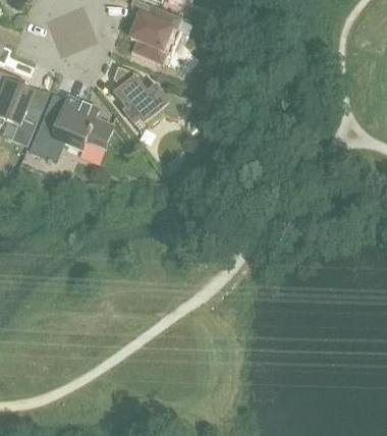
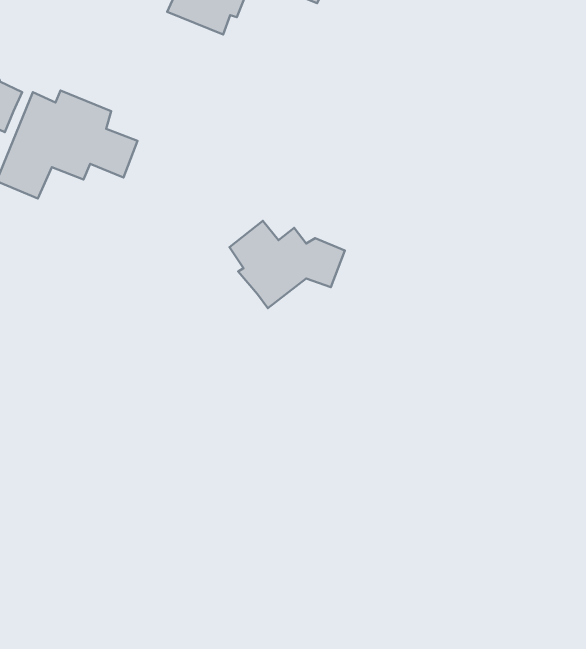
building: [116,79,183,130] -> [230,221,345,308]

